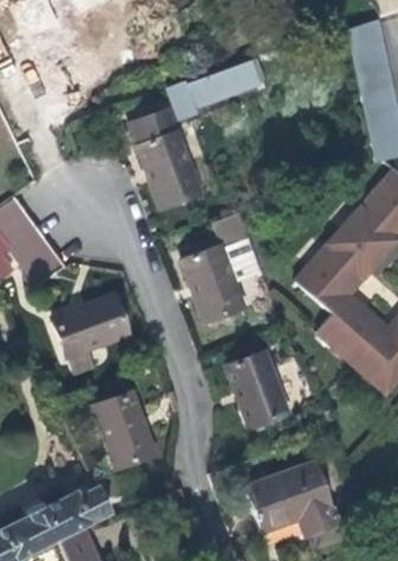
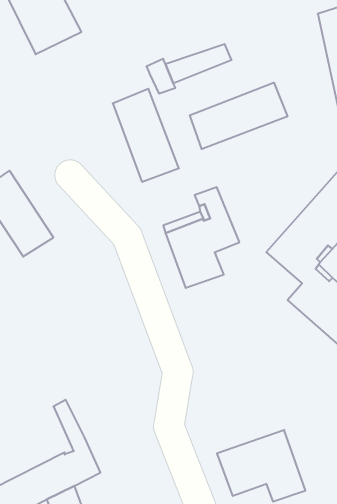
building: none -> [190,83,287,149]
building: [54,294,130,356] -> none
building: [233,353,293,427] -> none
building: [96,393,160,466] -> none

